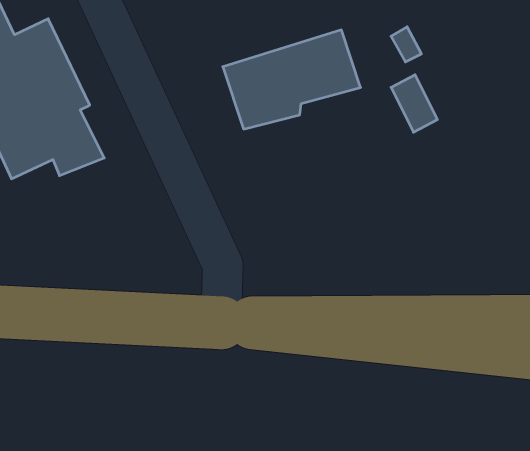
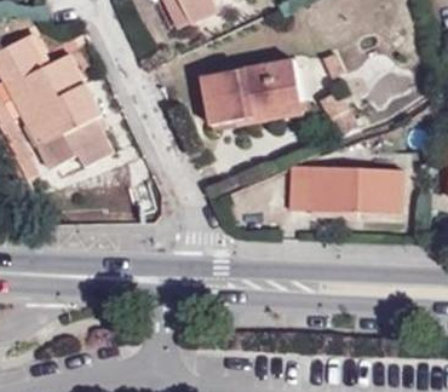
building: none -> [309,165,401,214]

